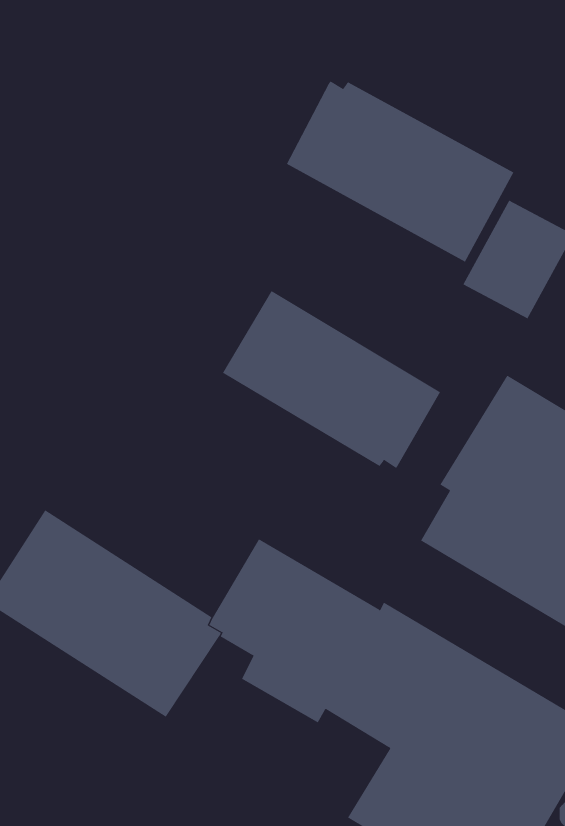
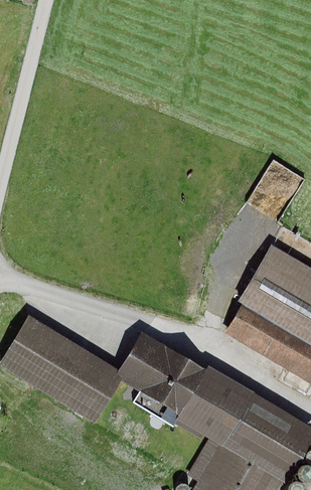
building: [286,80,514,262] -> none
building: [222,290,441,469] -> none

